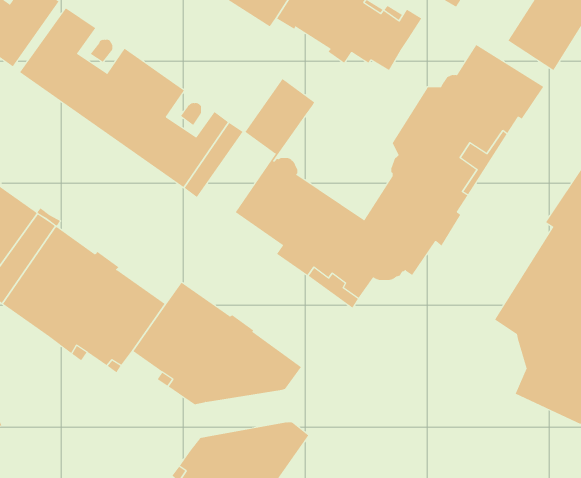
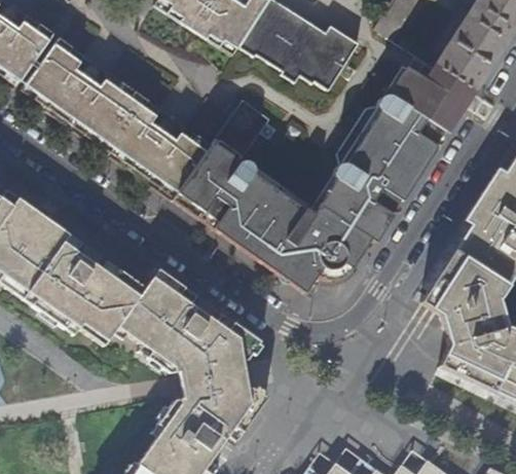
building: none -> [172,142,237,217]
building: none -> [179,360,248,398]

